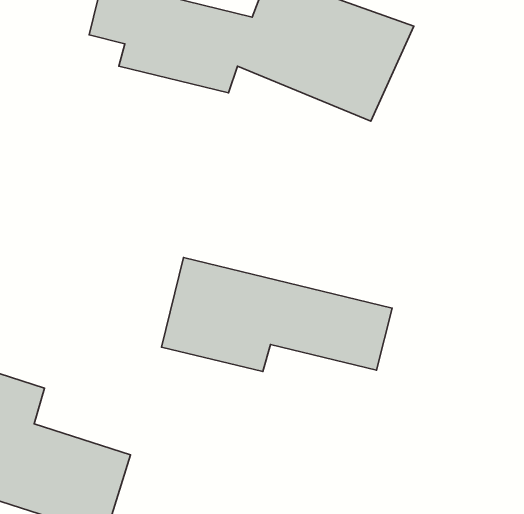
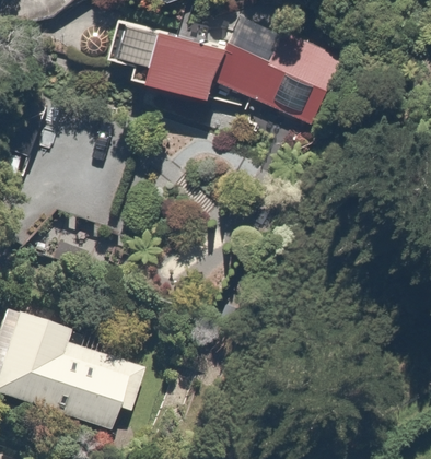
building: [162,257,392,372] -> none

